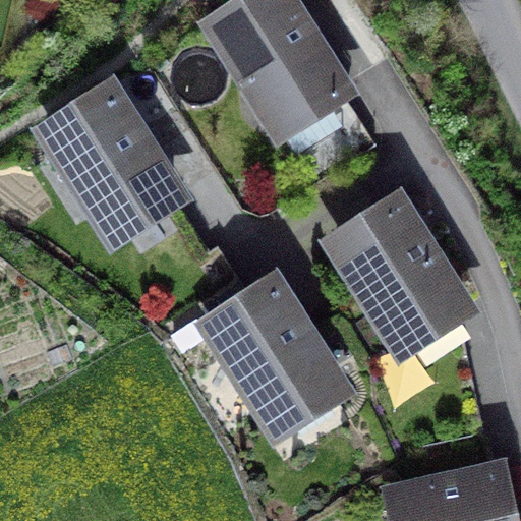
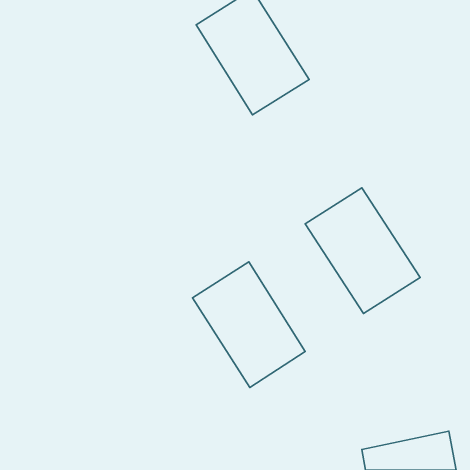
building: [52,95,177,233] -> none

